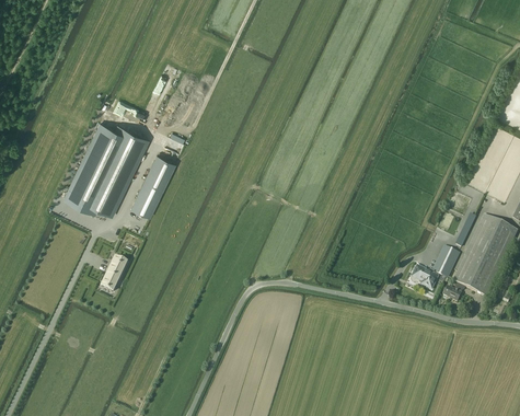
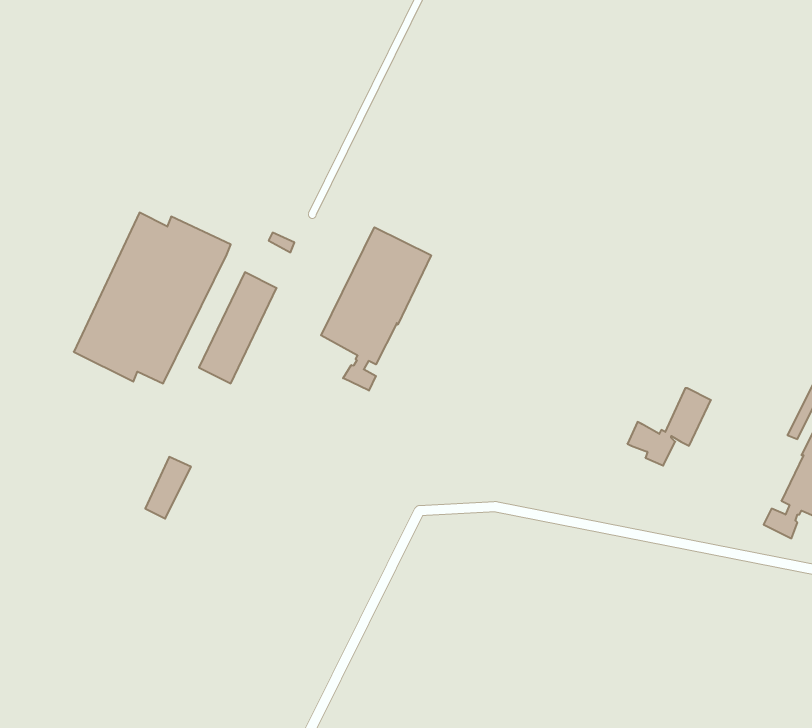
building: none -> [321,227,431,391]
building: [412,245,458,288] -> [627,388,711,466]

